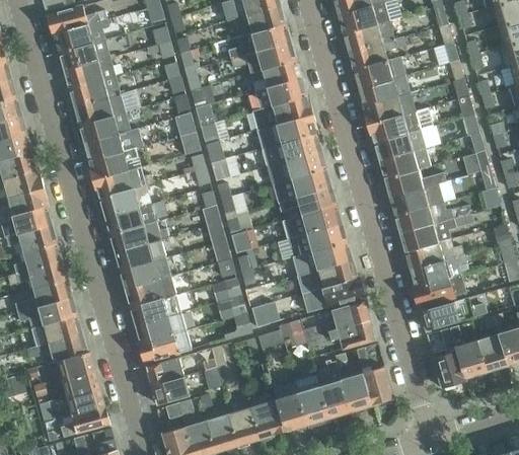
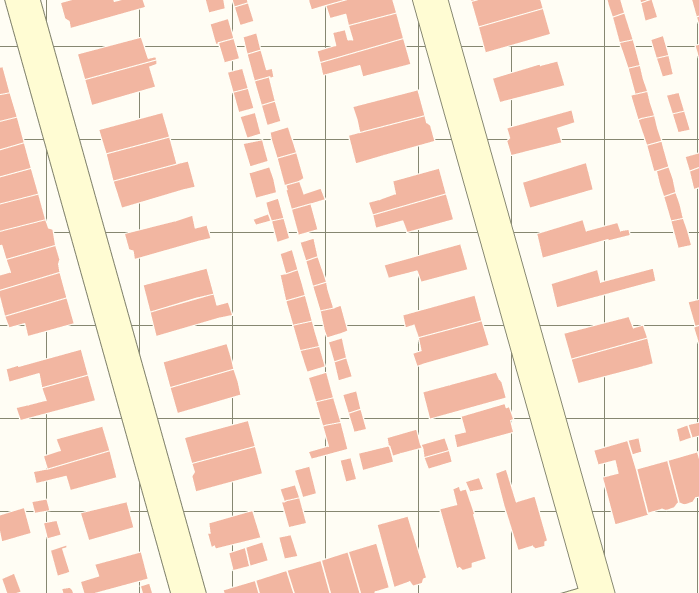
building: [54,18,109,52] -> none
building: [349,36,405,69] -> none
building: [252,59,301,89] -> none
building: [359,73,414,104] -> none
building: [69,75,120,105] -> none
building: [367,110,421,143] -> none
building: [260,113,316,148] -> none
building: [89,148,138,179] -> none
building: [380,148,431,179] -> none
building: [272,169,331,202] -> none
building: [389,183,438,215] -> none
building: [99,184,151,216] -> none
building: [282,205,342,238] -> none
building: [399,213,474,250] -> none
building: [115,239,165,271] -> none
building: [15,243,62,274] -> none
building: [306,258,357,287] -> none
building: [415,274,466,306] -> none
building: [130,294,180,324] -> none
building: [18,298,77,328] -> none
building: [421,301,488,329] -> none
building: [328,320,376,349] -> none
building: [49,352,94,378] -> none
building: [145,357,183,385] -> none
building: [341,373,372,412] -> none
building: [294,374,328,424] -> none
building: [67,388,104,414] -> none

